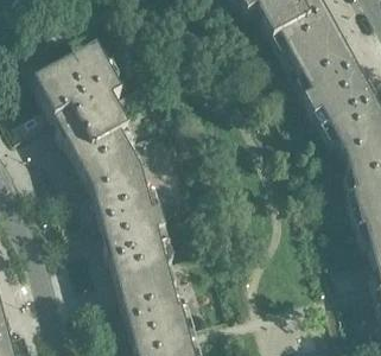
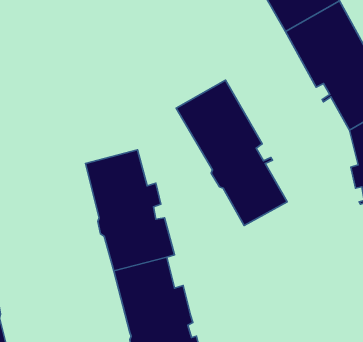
building: [31,43,142,183] -> none
building: none -> [176,80,287,226]

